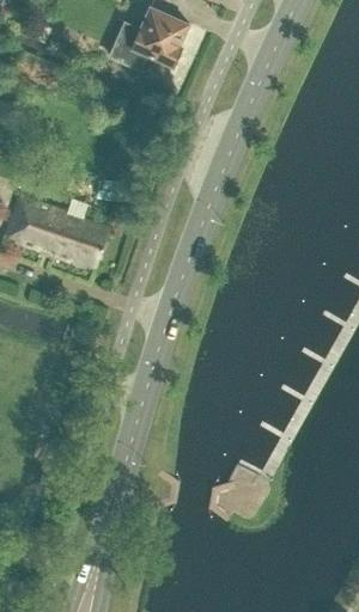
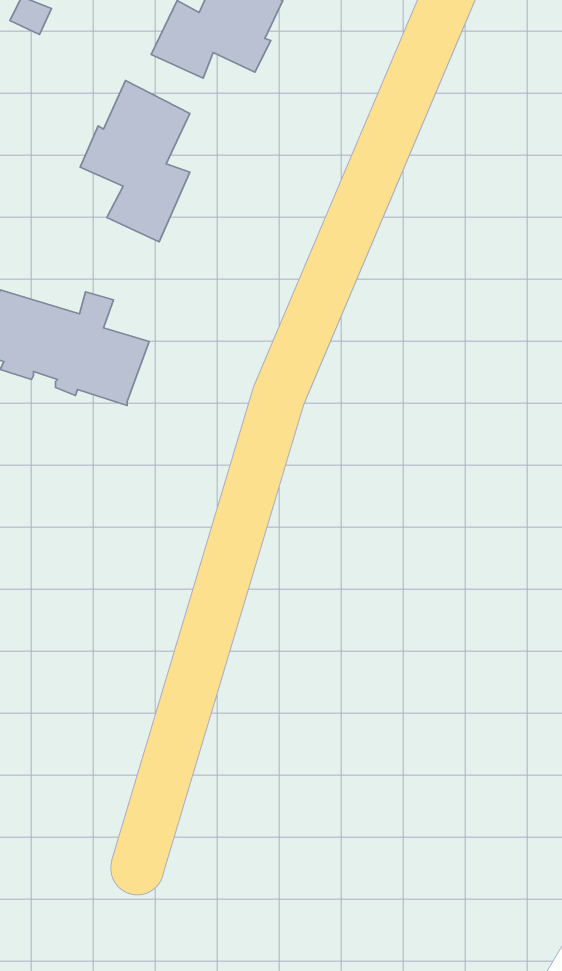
building: none -> [80,81,190,242]

